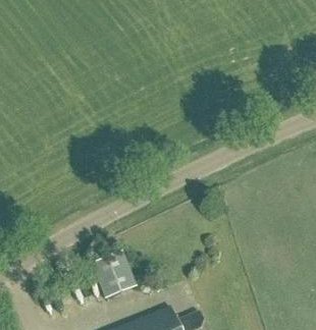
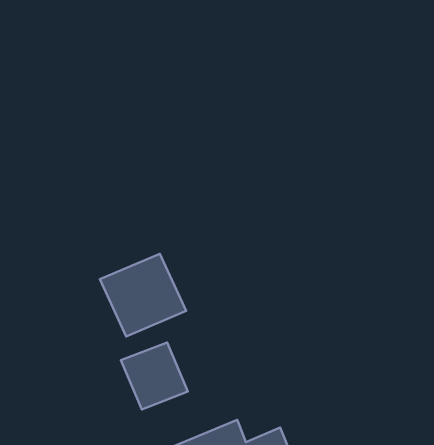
building: none -> [100,254,186,336]

